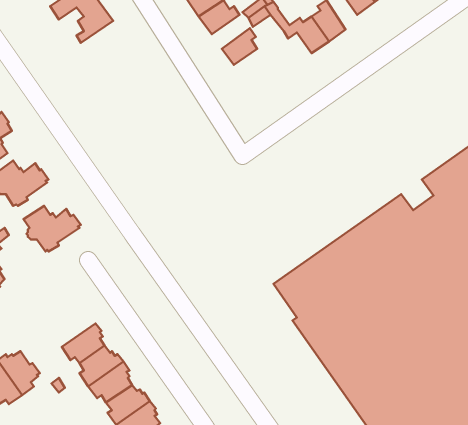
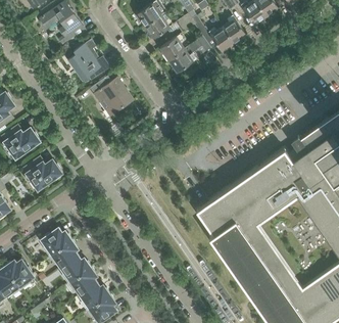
building: none -> [168,37,211,73]
building: none -> [68,40,111,81]
building: none -> [91,77,134,117]
building: none -> [42,228,72,257]

